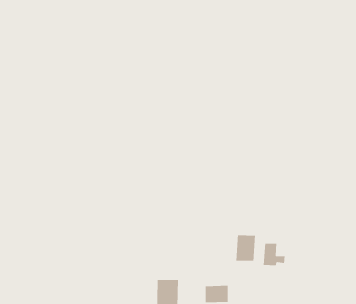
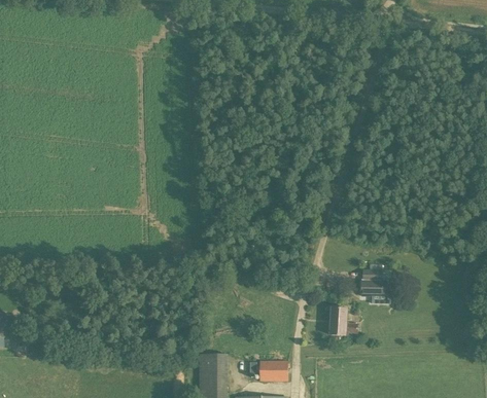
building: none -> [360,268,386,295]
building: [236,235,256,262] -> none

